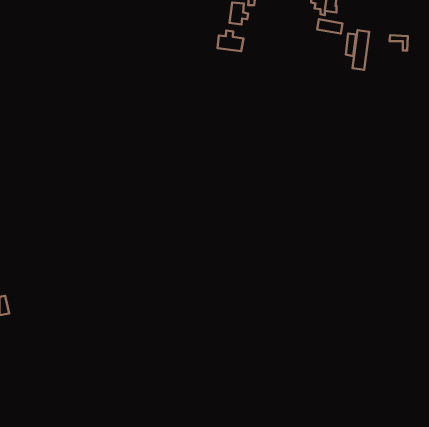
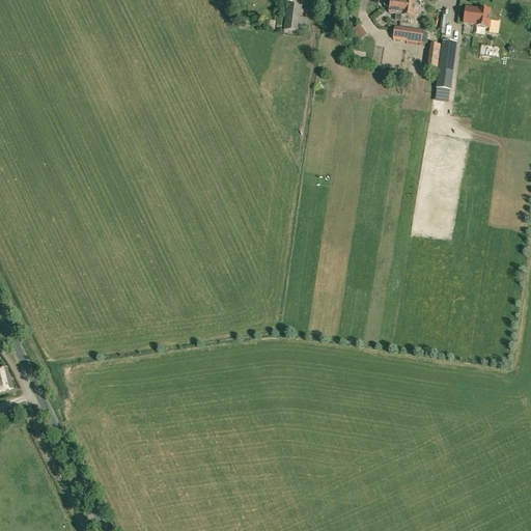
building: none -> [463,5,490,26]
building: [218,31,243,51] -> none

